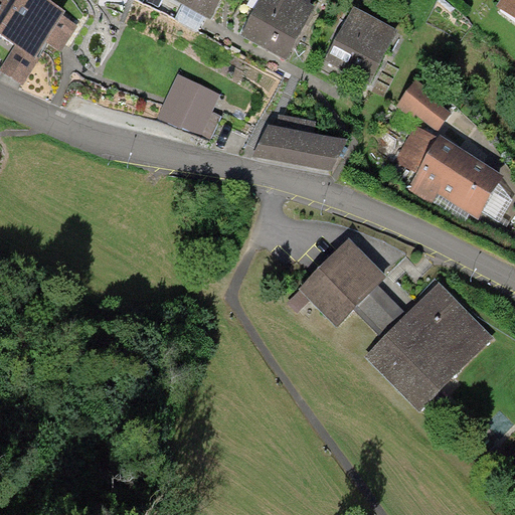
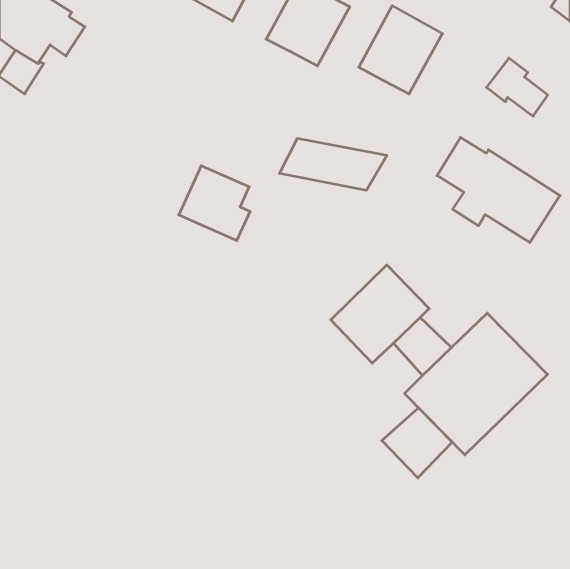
building: [157,73,221,141] -> [179,166,250,241]
building: [395,79,451,132] -> [486,58,548,116]
building: none -> [382,408,452,478]

